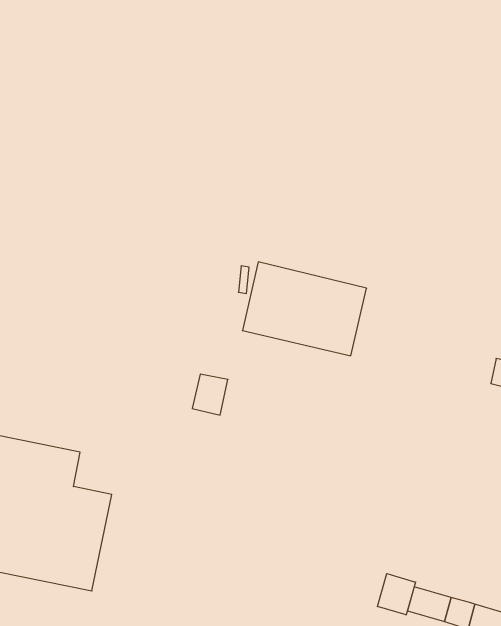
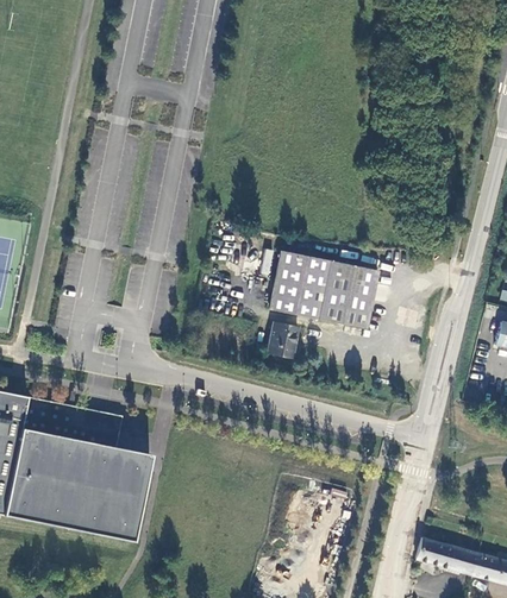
building: [192,374,228,415] -> [263,319,295,355]
building: [377,574,416,615] -> none

